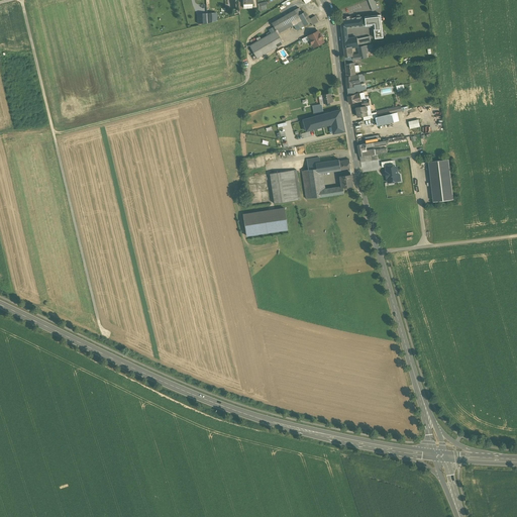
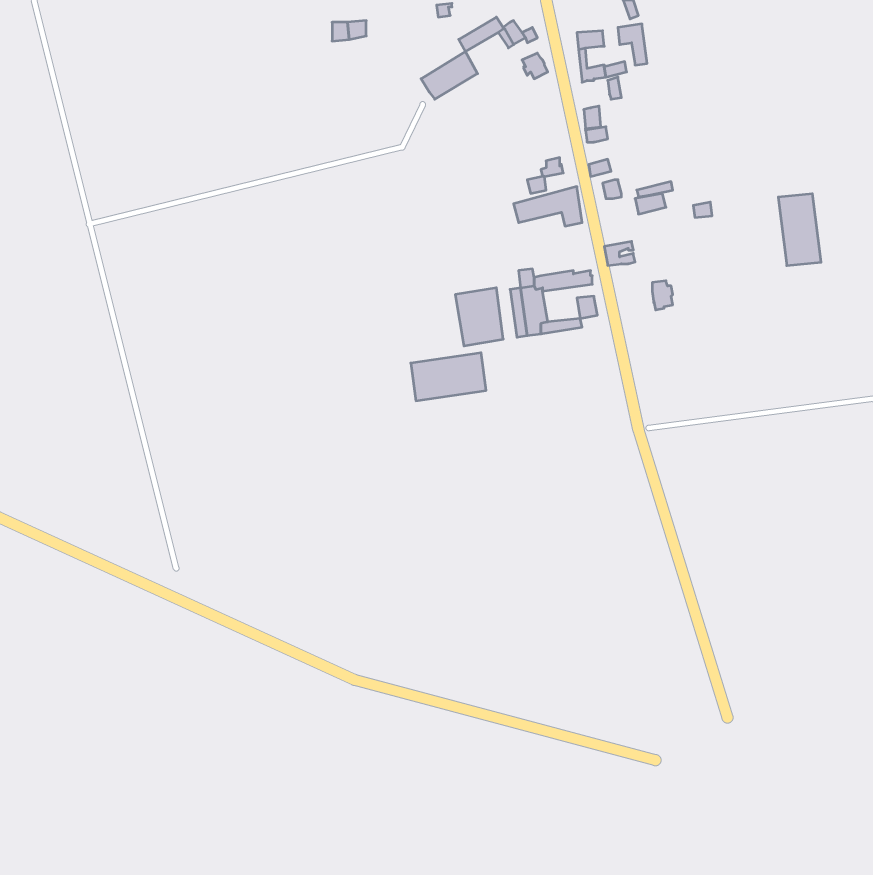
building: [427,160,452,202] -> [778,194,821,266]

